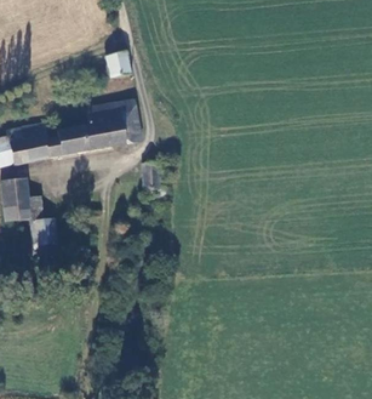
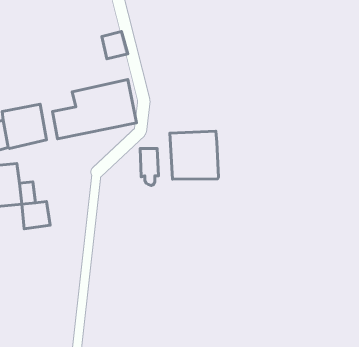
building: none -> [170,131,219,179]

